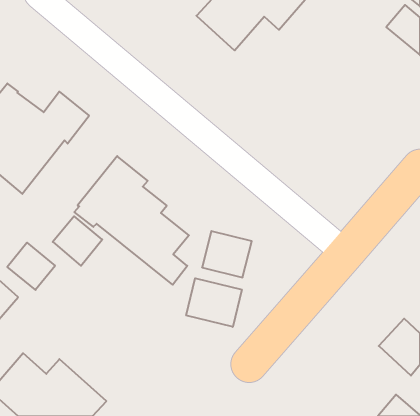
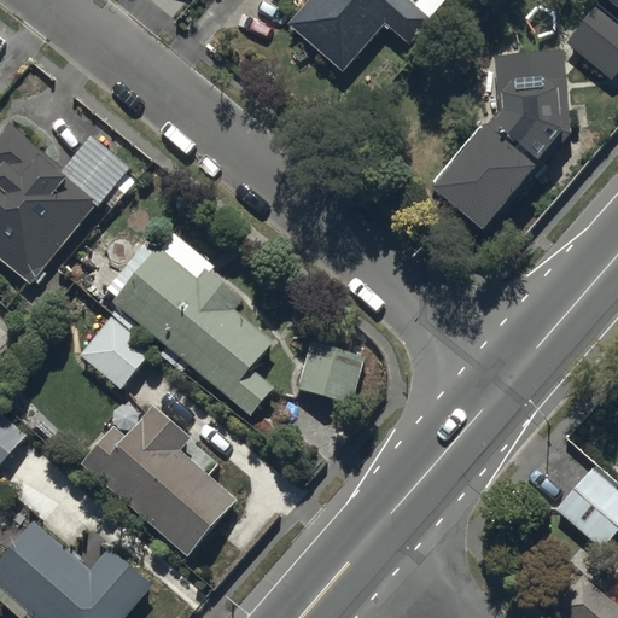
building: none -> [432,51,569,240]
building: [7,243,55,290] -> none
building: none -> [75,404,239,561]
building: [186,278,242,327] -> none

